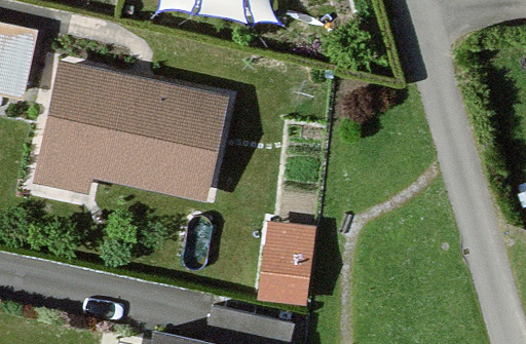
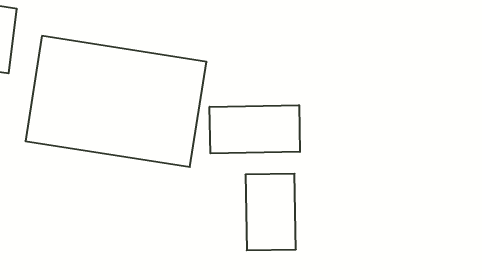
building: none -> [210,105,300,153]

